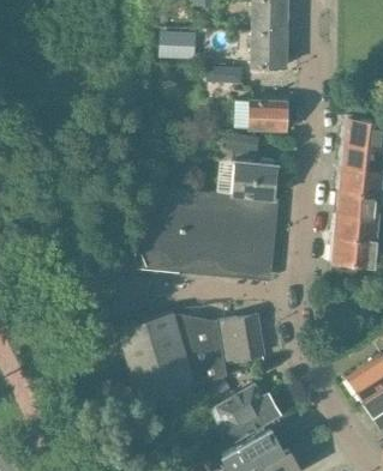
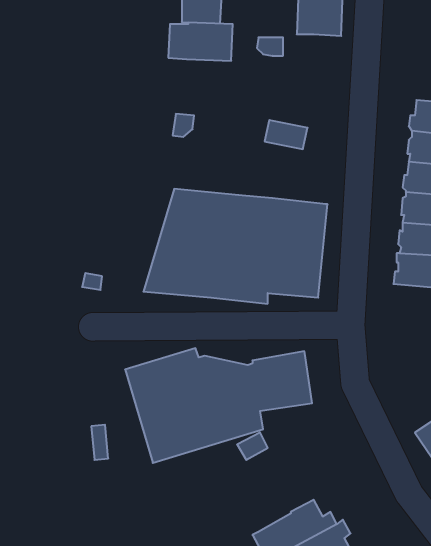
building: [237,101,287,131] -> [168,23,233,61]
building: [233,159,279,199] -> none
building: [211,385,280,441] -> none

